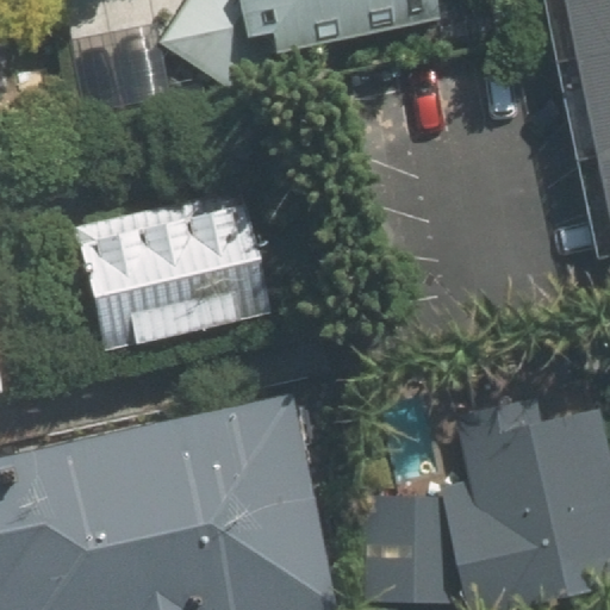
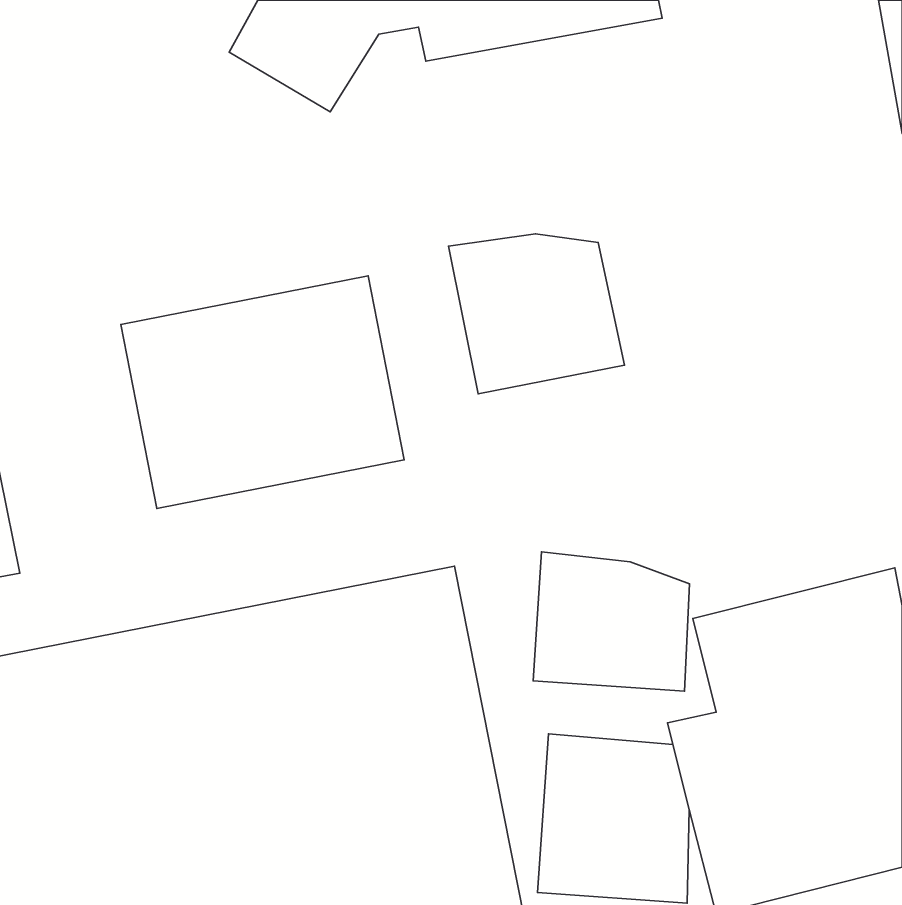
building: none -> [448,234,625,394]
building: none -> [533,552,689,691]

